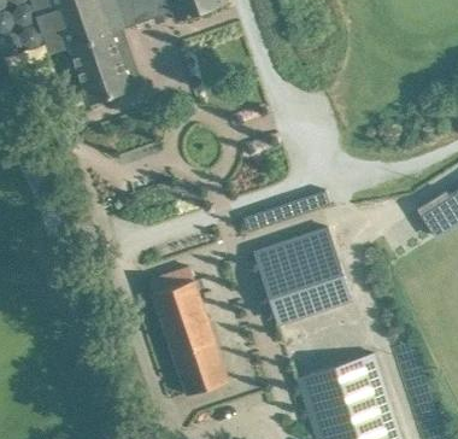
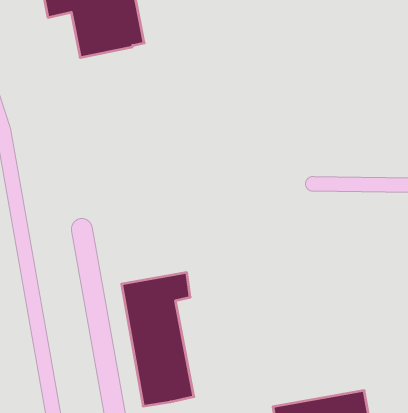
building: [254,227,350,320] -> none

